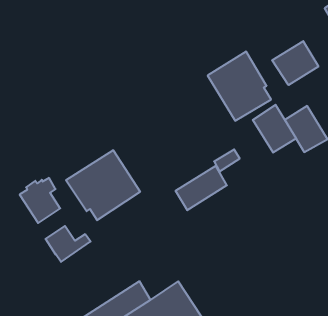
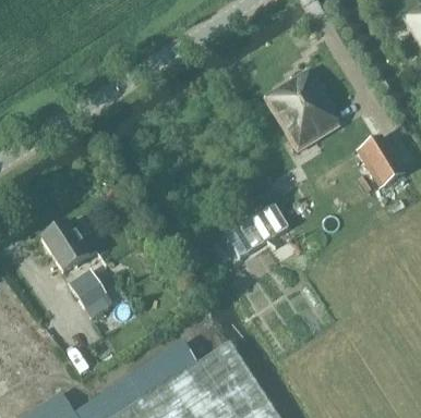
building: [272,41,318,85] -> none
building: [253,105,296,153] -> none
building: [66,150,140,220] -> none

